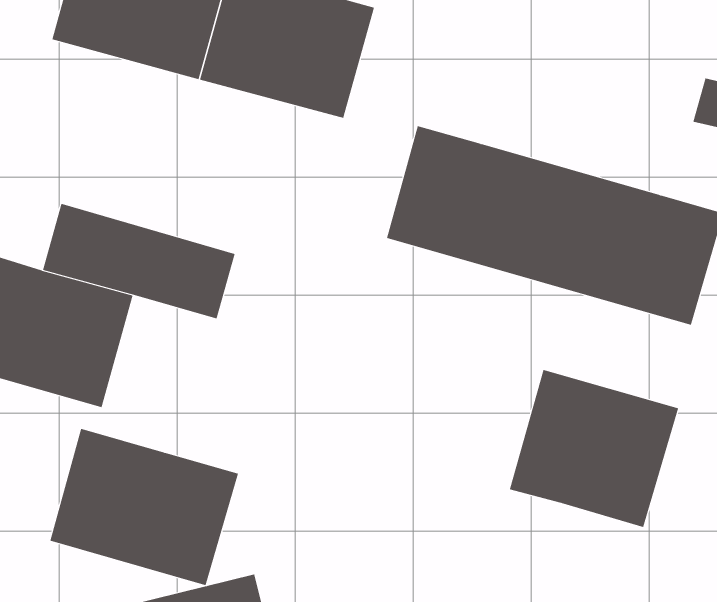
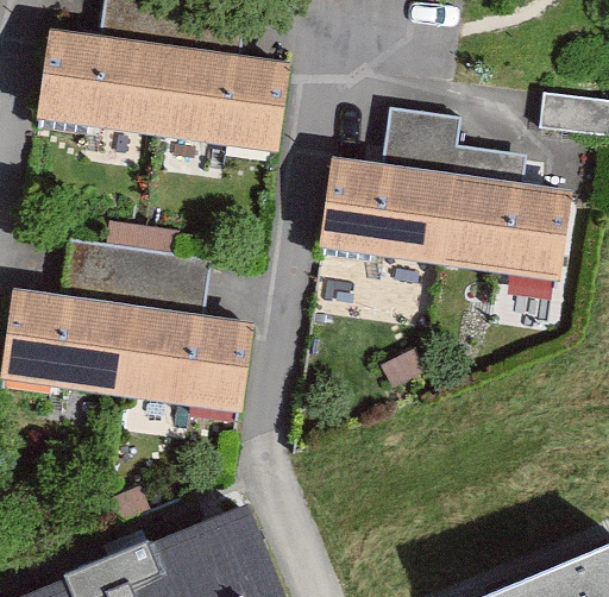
building: none -> [377,102,521,182]
building: [509,369,679,528] -> none
building: [50,428,239,586] -> [119,312,255,417]

